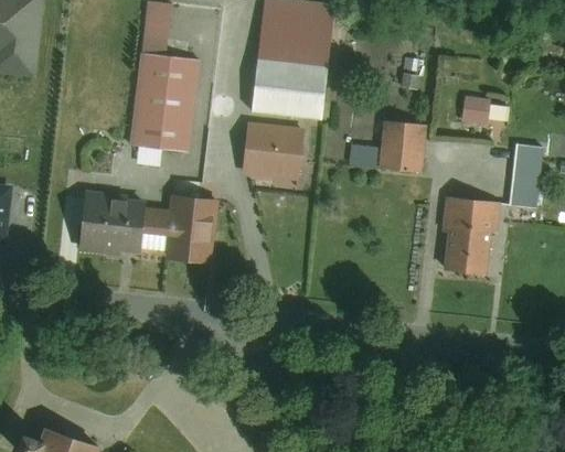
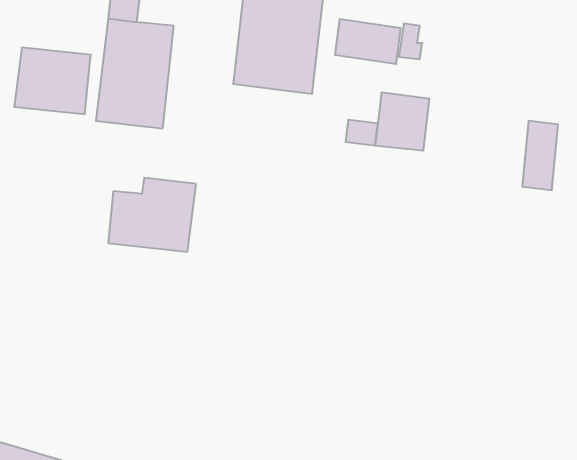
building: none -> [335,19,400,64]
building: [461,96,490,123] -> none
building: [242,122,305,180] -> none
building: [77,195,146,255] -> [14,48,91,114]
building: [444,197,500,275] -> none

